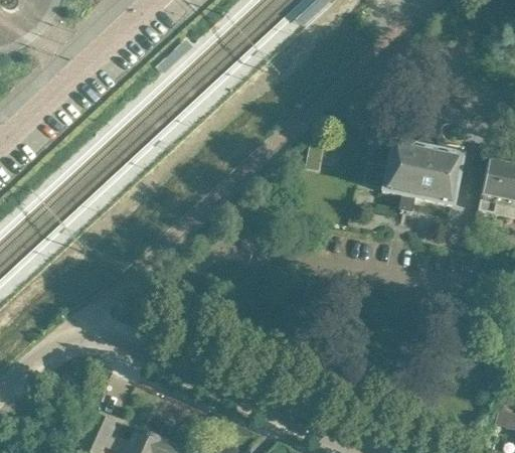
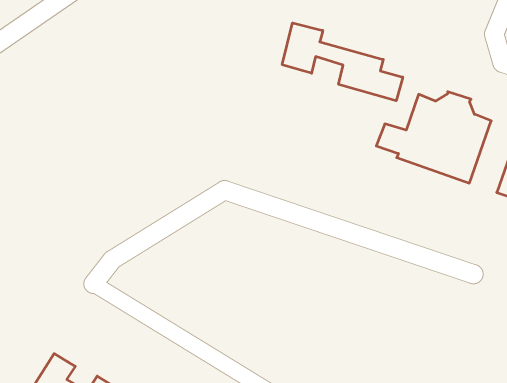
building: none -> [282,23,403,101]

